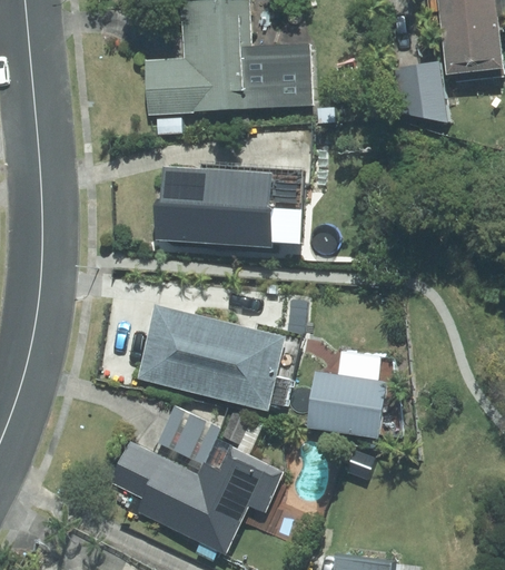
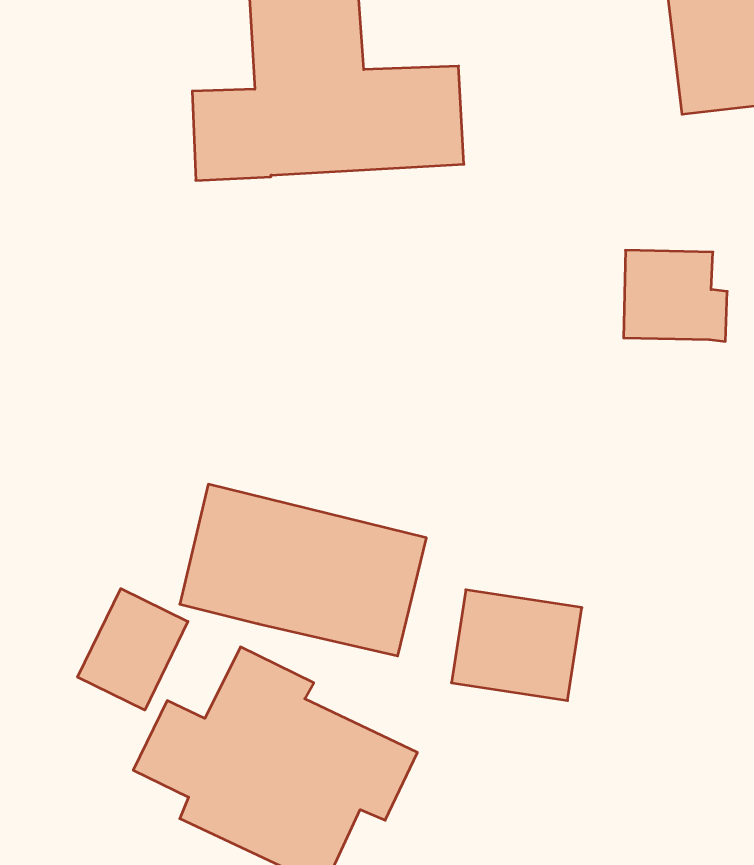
building: [379,62,444,119] -> [624,250,727,341]
building: [156,165,278,247] -> none
building: none -> [78,589,188,710]

